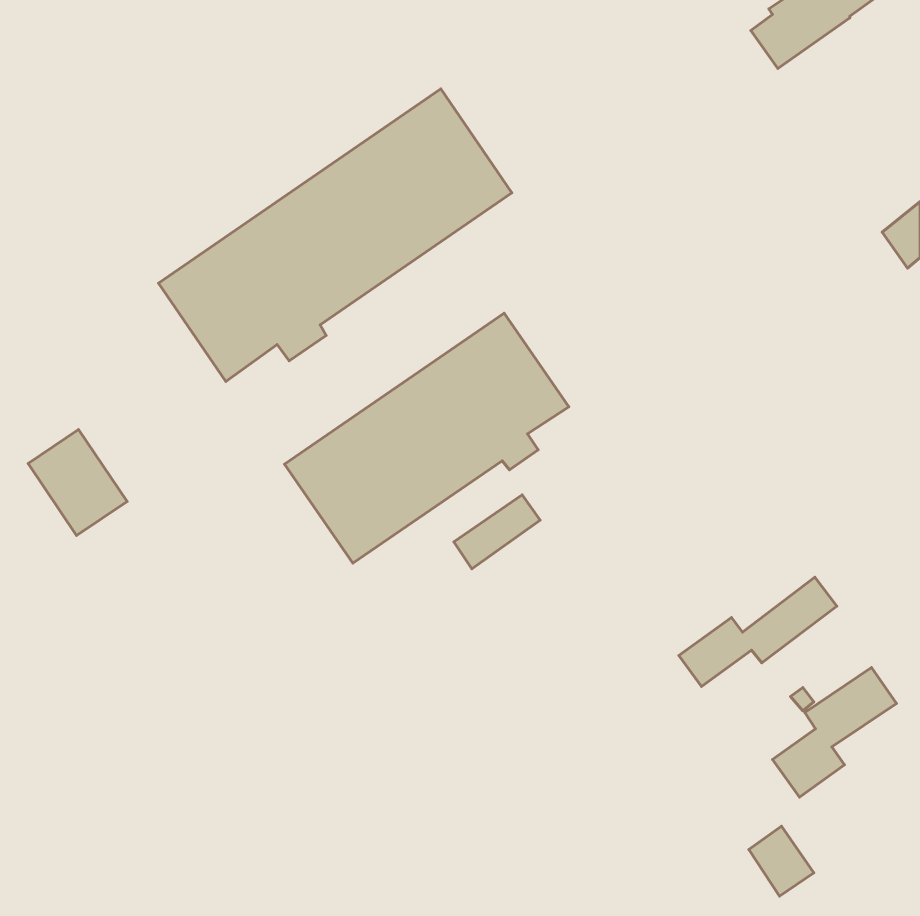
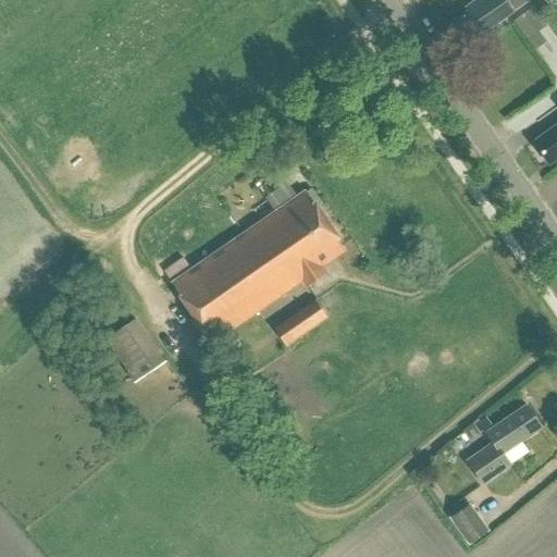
building: [159,89,512,381] -> none
building: [28,429,127,536] -> [104,318,164,382]
building: [679,577,837,687] -> none

